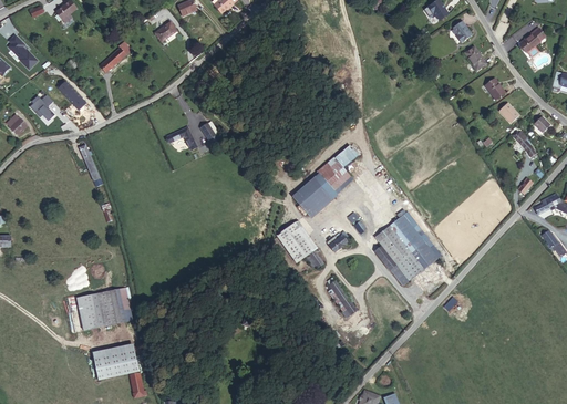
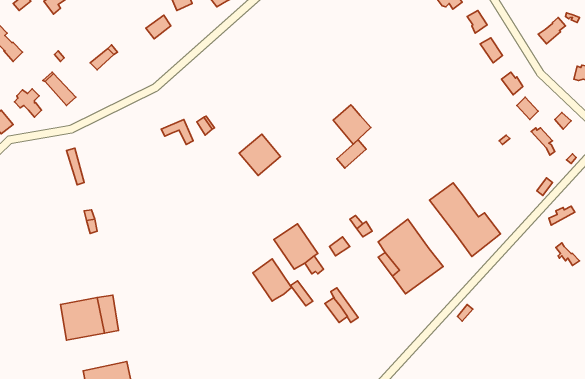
building: [313,158,349,195] -> [333,105,371,144]
building: [289,179,328,218] -> [239,134,281,176]
building: none -> [429,183,500,257]
building: none -> [253,259,292,301]

